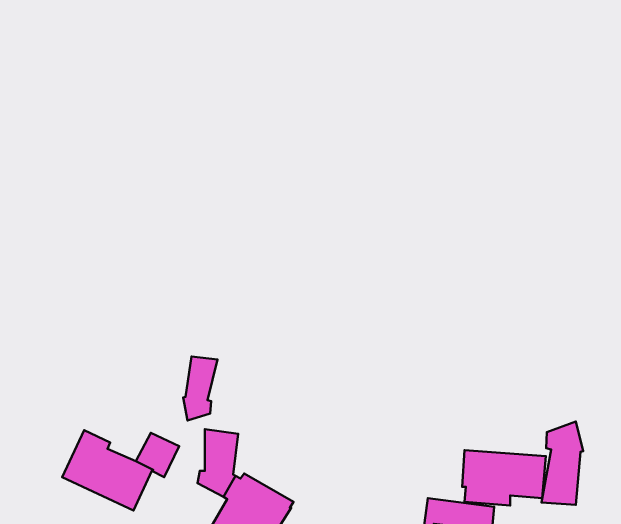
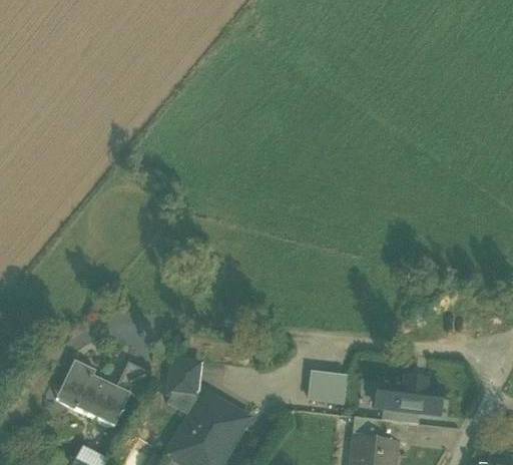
building: [183,356,218,421] -> none
building: [541,421,583,505] -> none
building: none -> [309,370,348,404]

